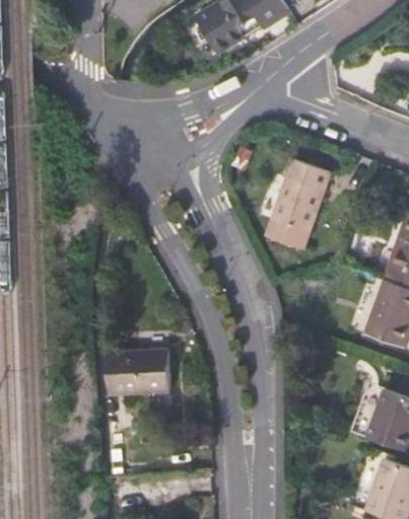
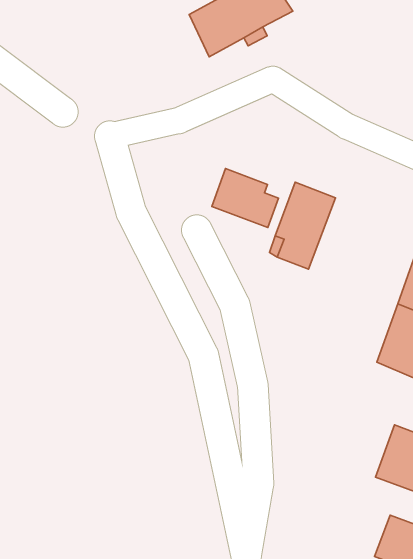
building: none -> [212,169,278,228]
building: [105,352,162,396] -> none

